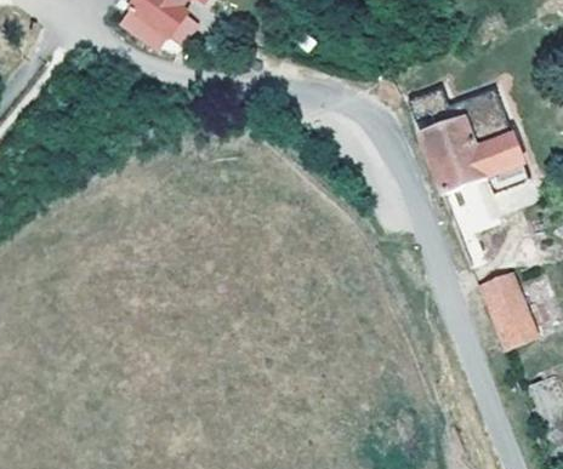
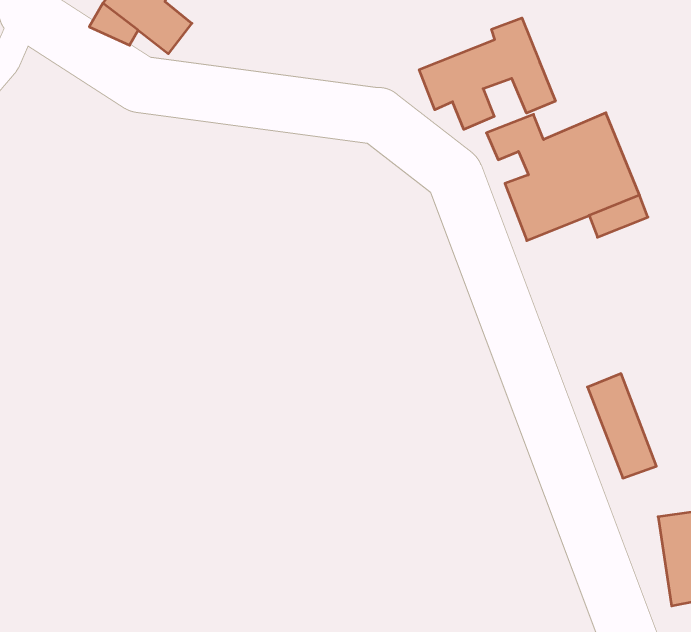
building: none -> [419,18,555,129]

